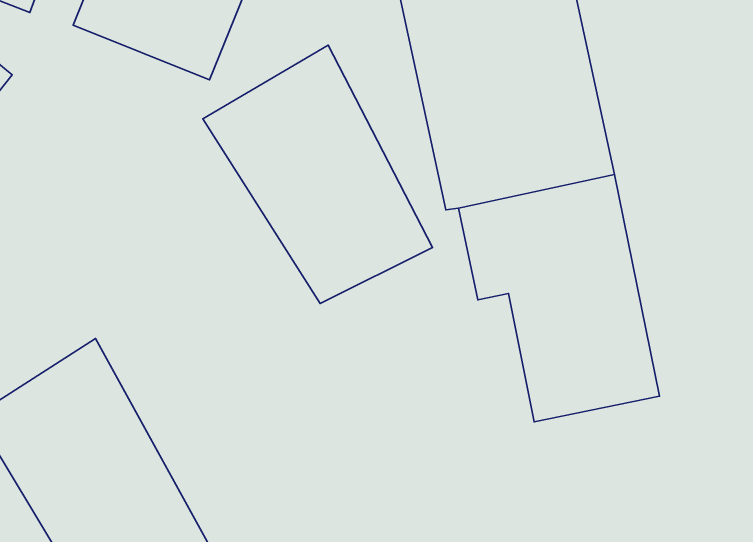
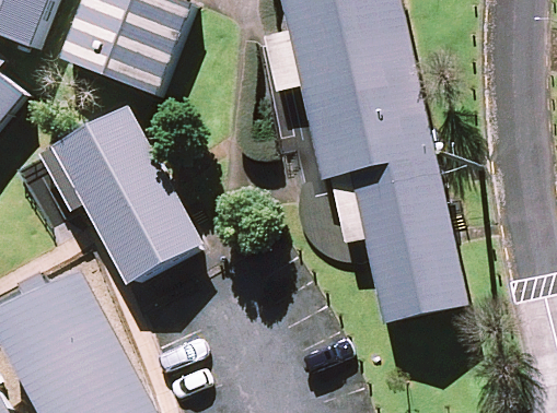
building: [203,45,433,304] -> [45,103,201,279]

